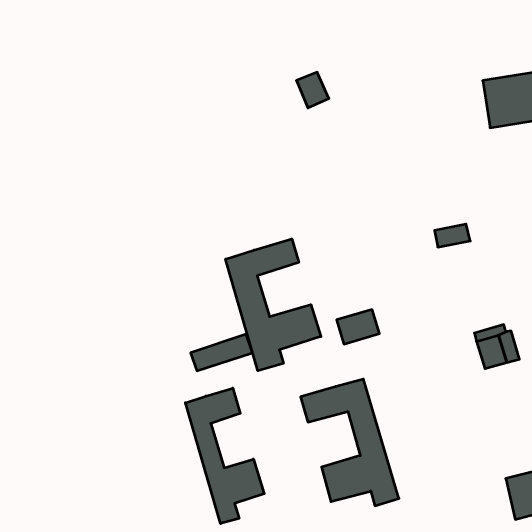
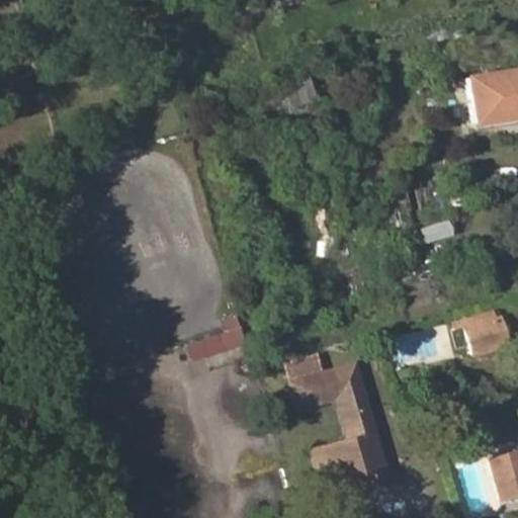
building: [226,239,321,371] -> none
building: [337,310,379,344] -> [286,350,328,383]
building: [185,388,264,524] -> none

